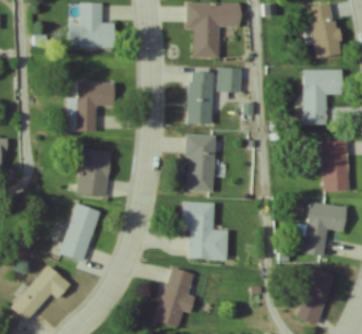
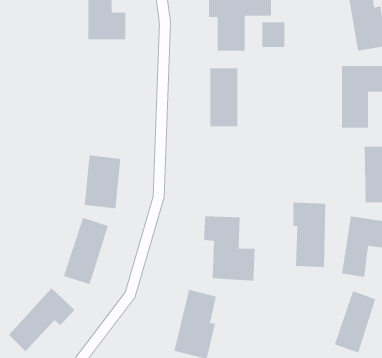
building: [219,68,240,91] -> [262,22,285,48]
building: [69,82,114,131] -> none
building: [185,134,215,192] -> [293,202,326,268]

